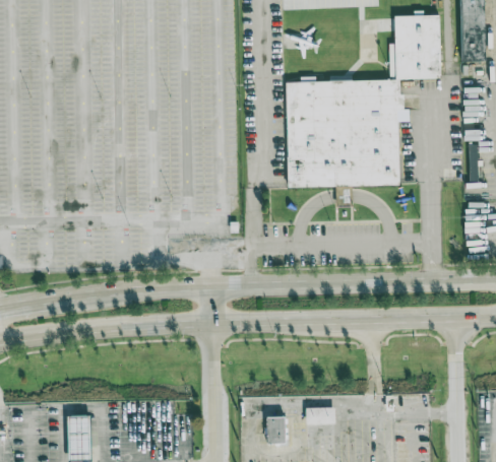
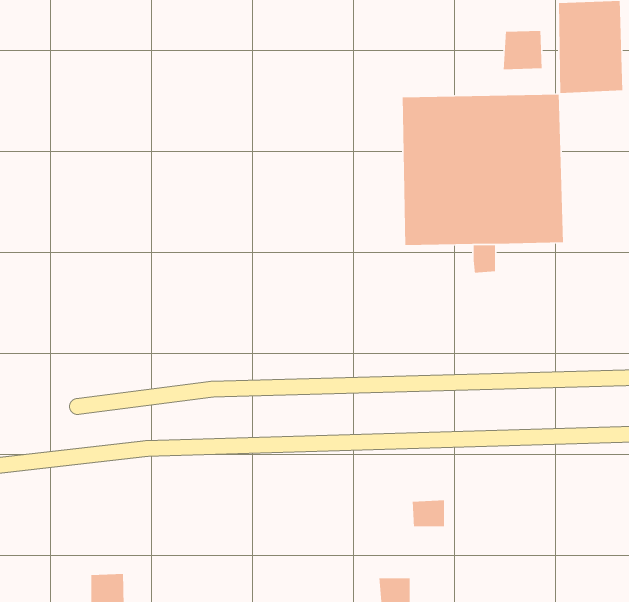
building: none -> [503,30,542,70]
building: [314,408,337,427] -> [412,500,445,527]

